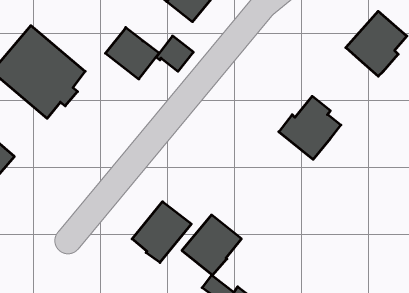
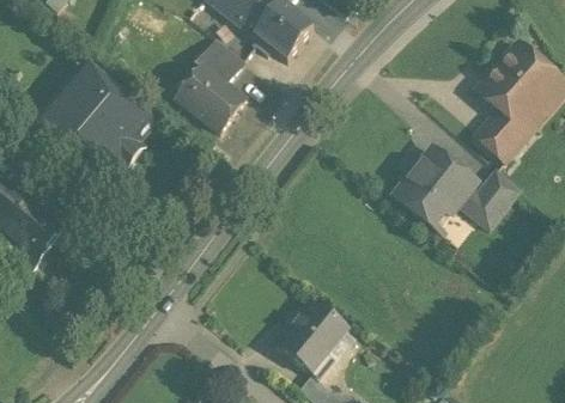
building: [156,36,193,71] -> [198,38,244,83]
building: none -> [478,109,534,160]
building: none -> [460,171,518,228]
building: [132,202,191,263] -> none

